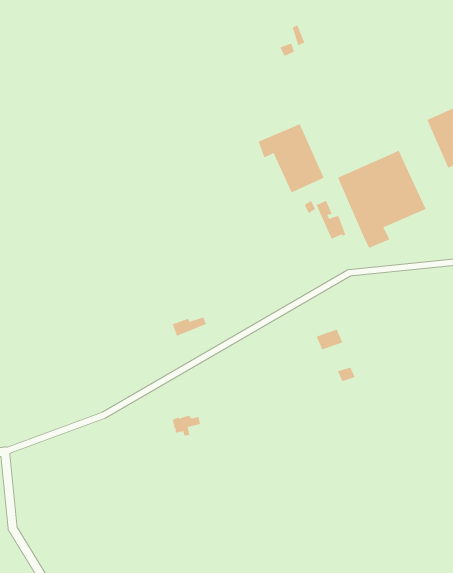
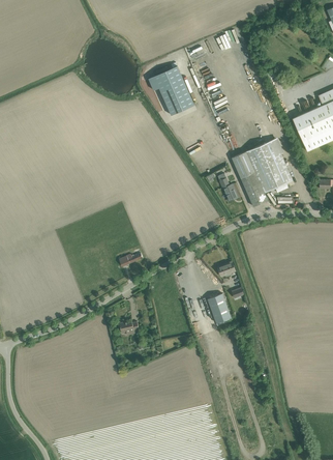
building: [258,123,325,193] -> [149,66,194,114]
building: none -> [208,292,232,323]

